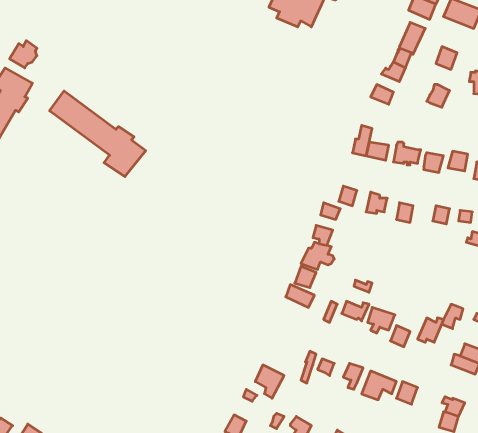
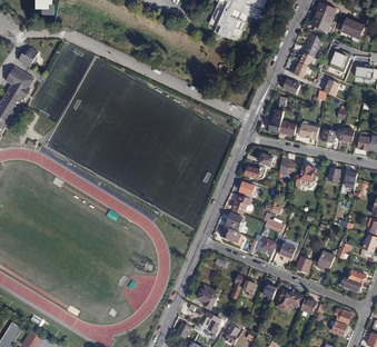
building: [50,91,146,177] -> none

